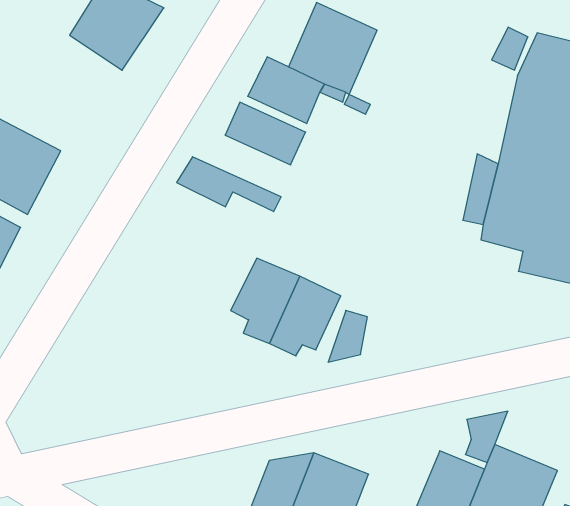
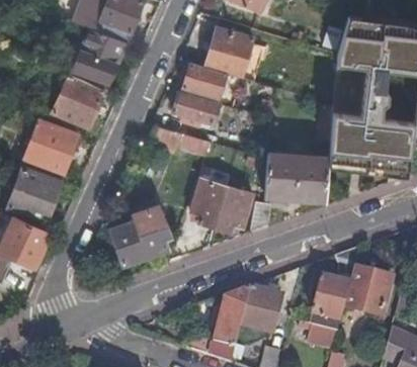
building: none -> [52,73,105,126]
building: none -> [265,153,329,200]
building: none -> [109,205,167,265]

